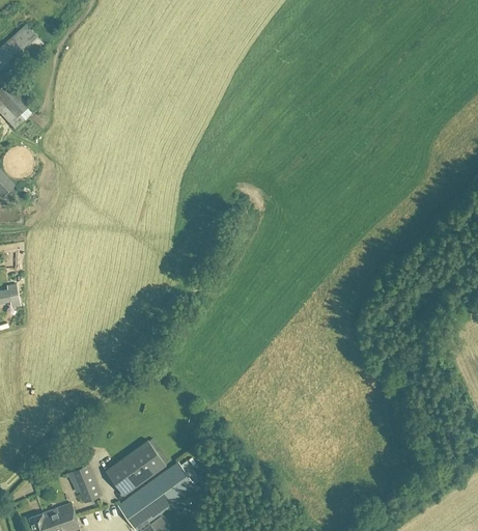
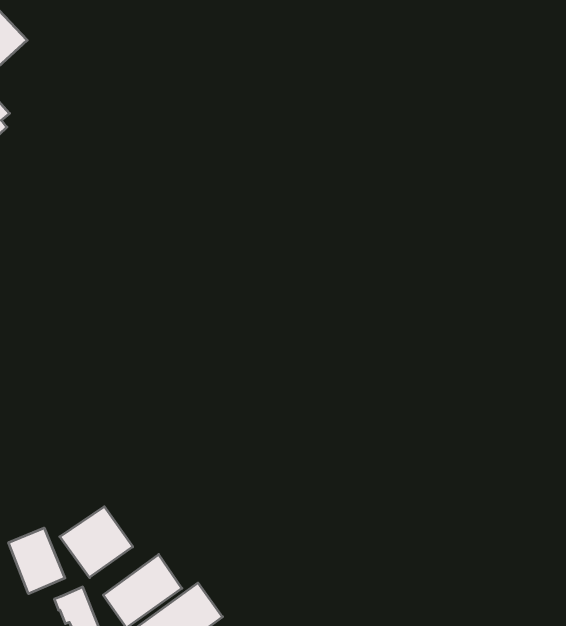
building: none -> [60,507,133,578]
building: none -> [9,528,65,594]

